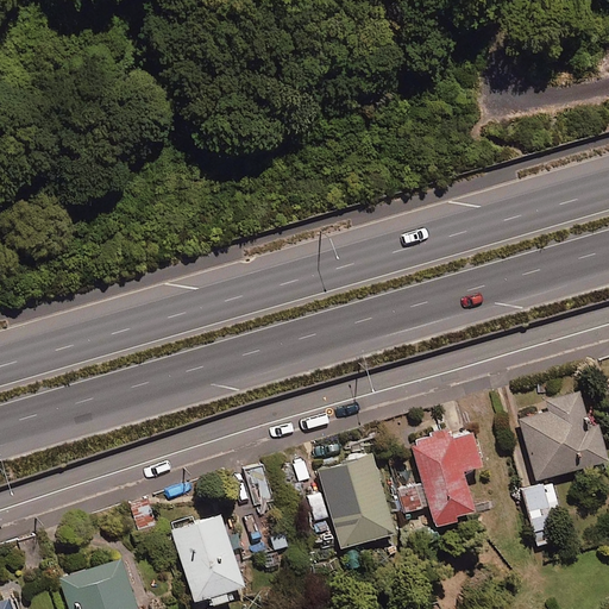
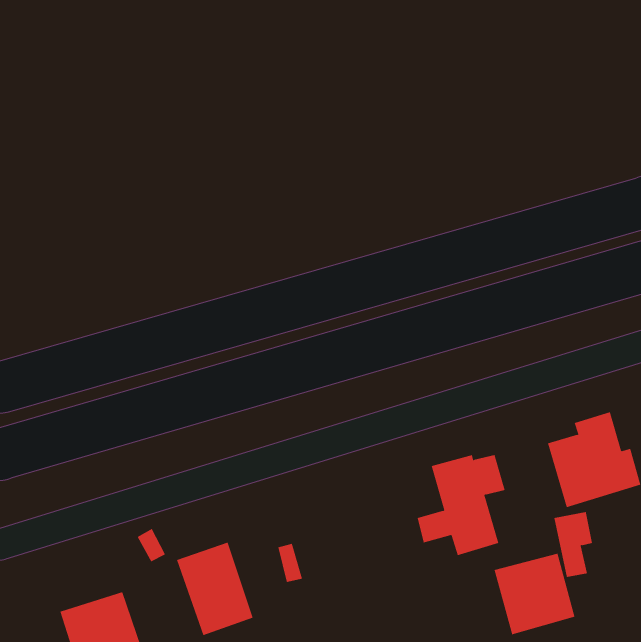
building: [310,452,394,548] -> none
building: none -> [494,553,575,635]

